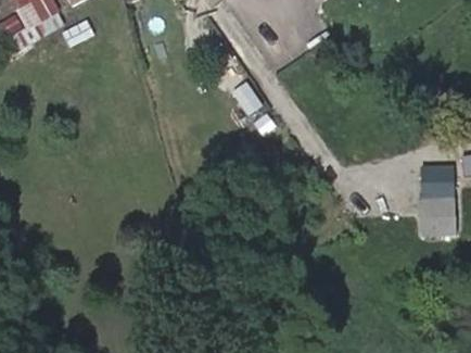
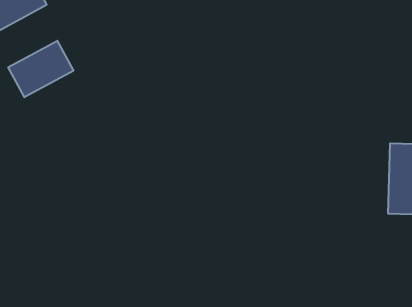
building: none -> [8,41,73,97]

